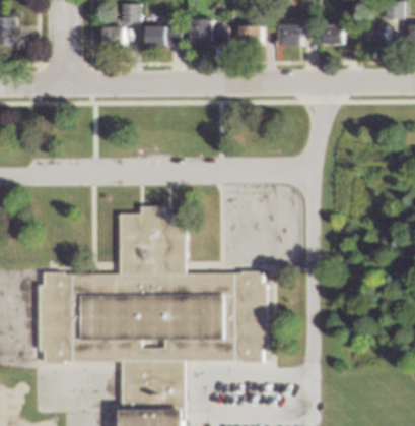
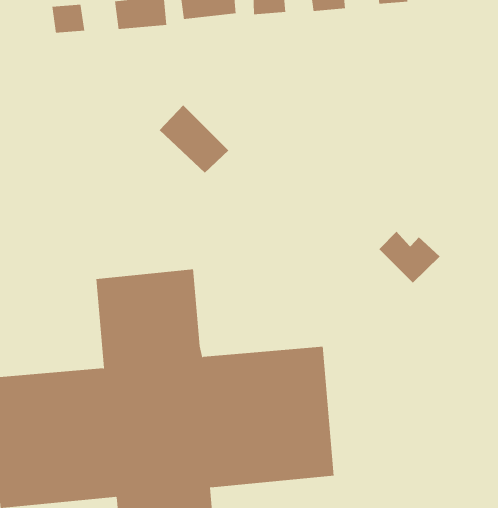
building: none -> [159,104,229,174]
building: none -> [379,231,440,283]

